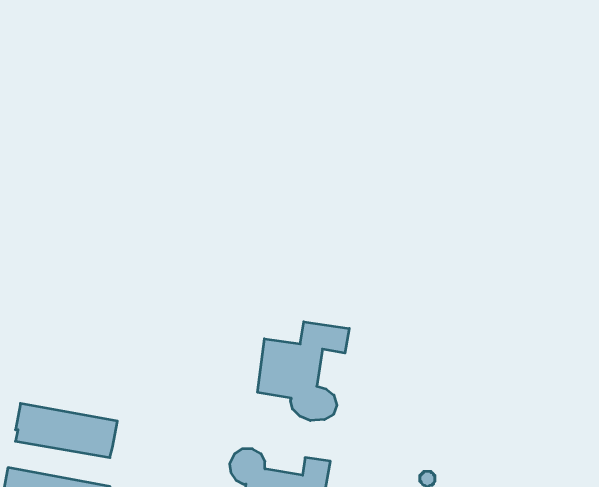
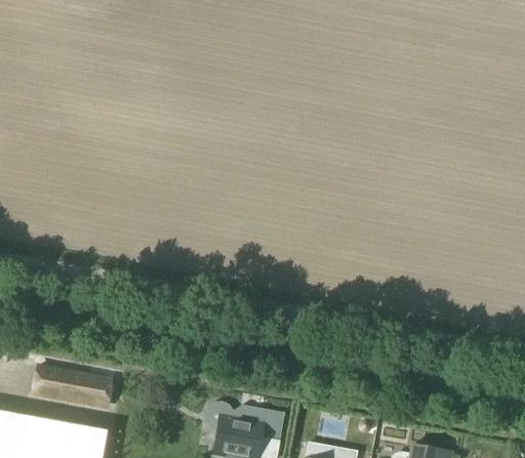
building: [258,322,349,421] -> none

